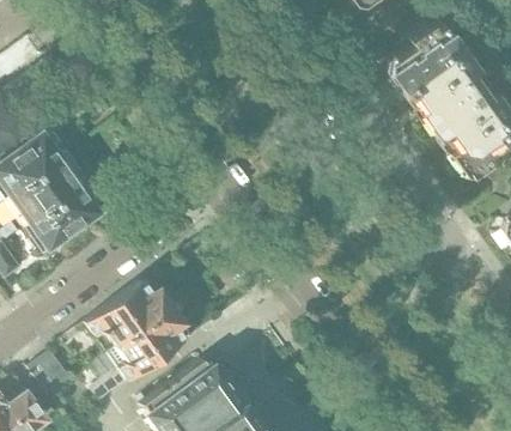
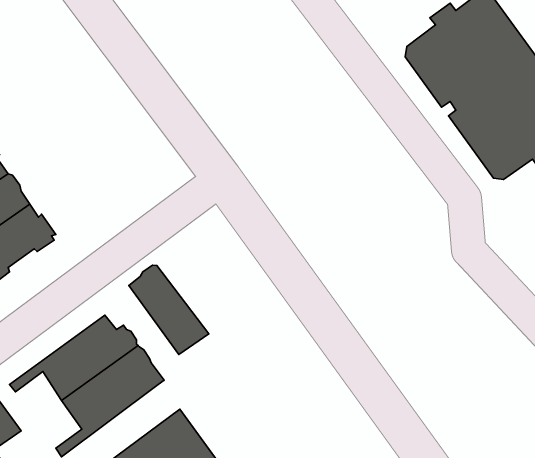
building: none -> [129,265,209,354]

